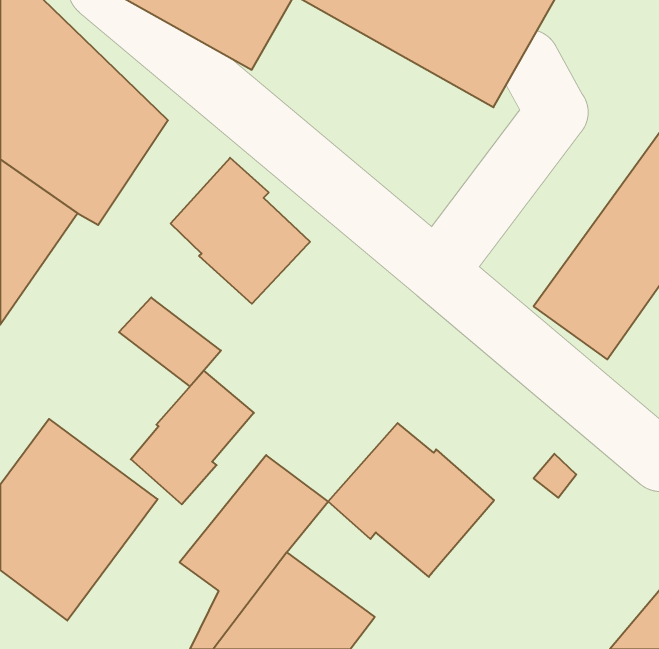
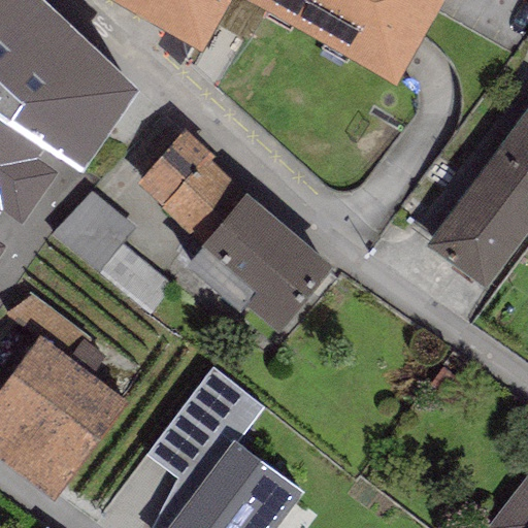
building: none -> [54,185,135,265]
building: none -> [185,195,332,333]
building: [131,371,254,504] -> none
building: [328,423,494,577] -> none

